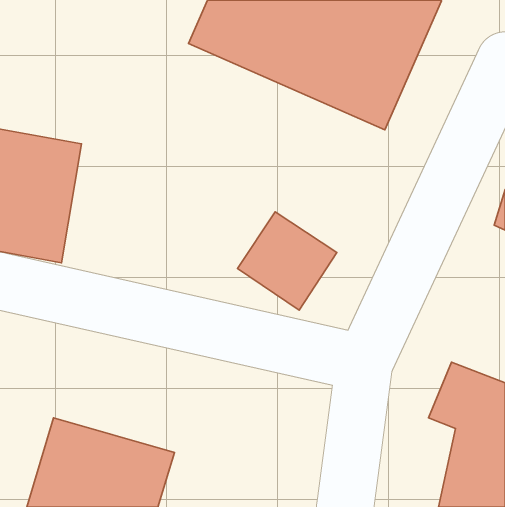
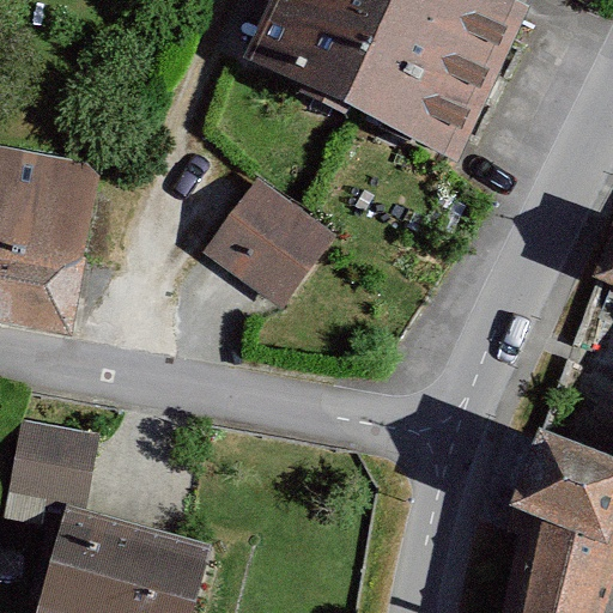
building: [238,212,337,310] -> [202,180,322,298]
building: none -> [8,419,98,505]

